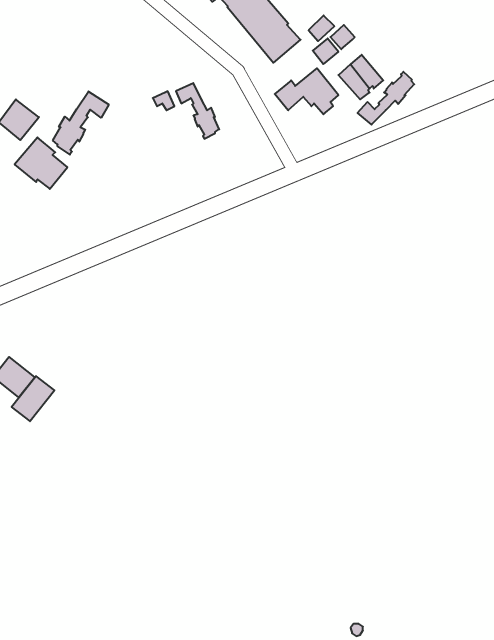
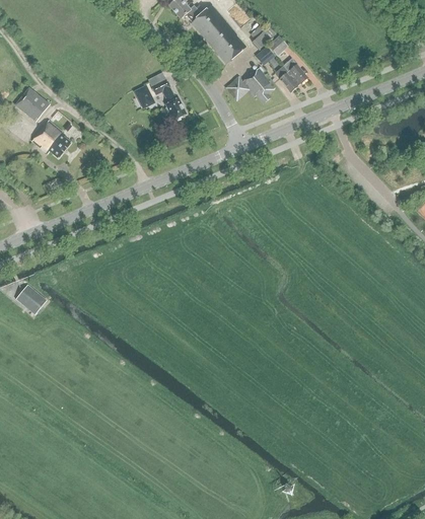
building: [358,72,414,125] -> none
building: [53,91,109,155] -> none
building: [12,376,54,421] -> none

